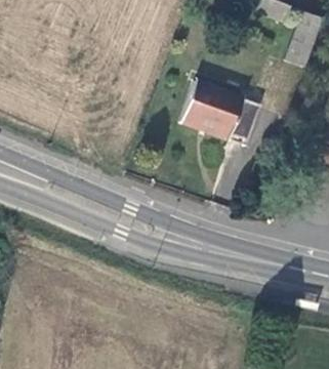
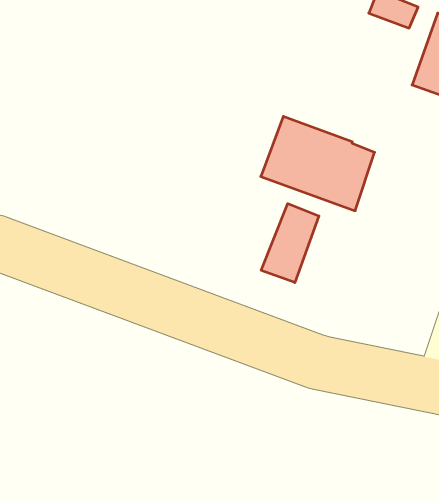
building: none -> [261,204,319,283]

